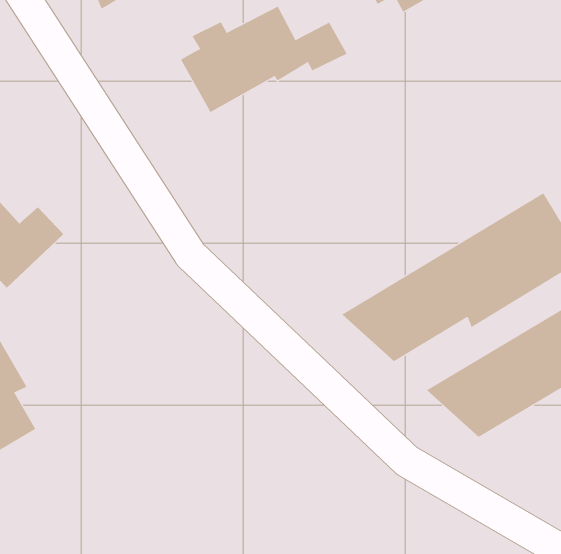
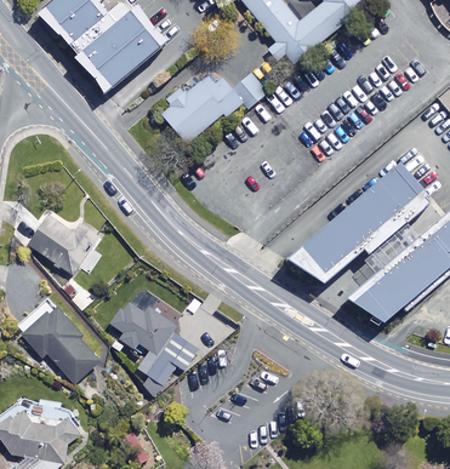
building: none -> [113,294,200,396]

